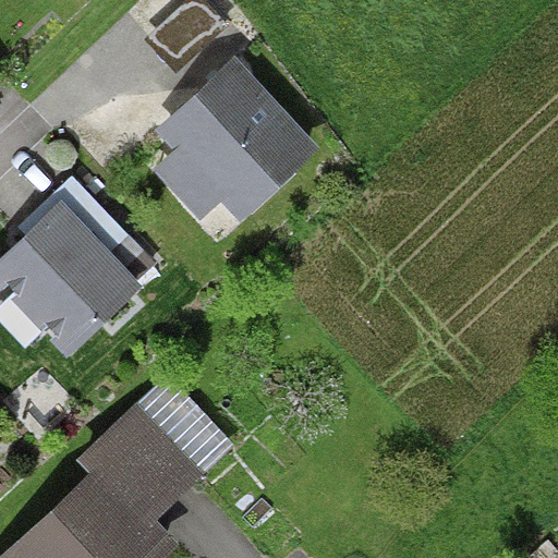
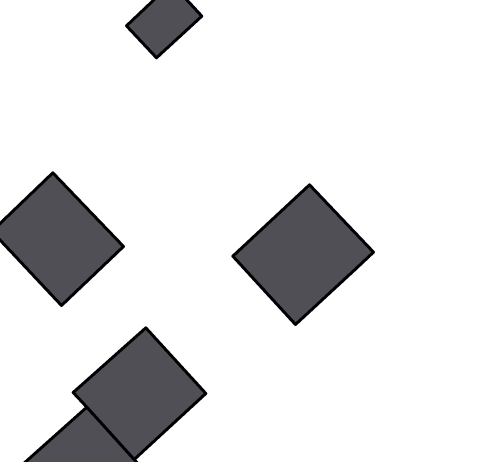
building: [157,59,316,219] -> none
building: none -> [233,185,374,325]

